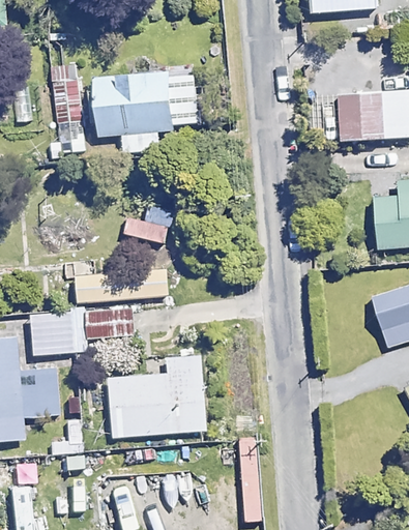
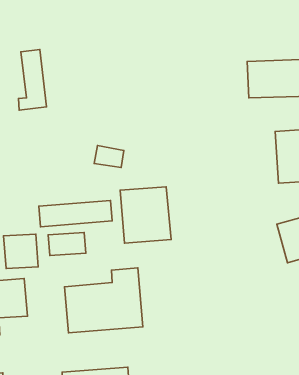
building: [85,67,198,137] -> none
building: none -> [120,187,171,243]

